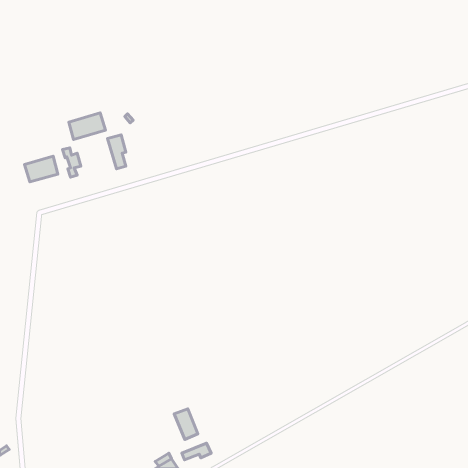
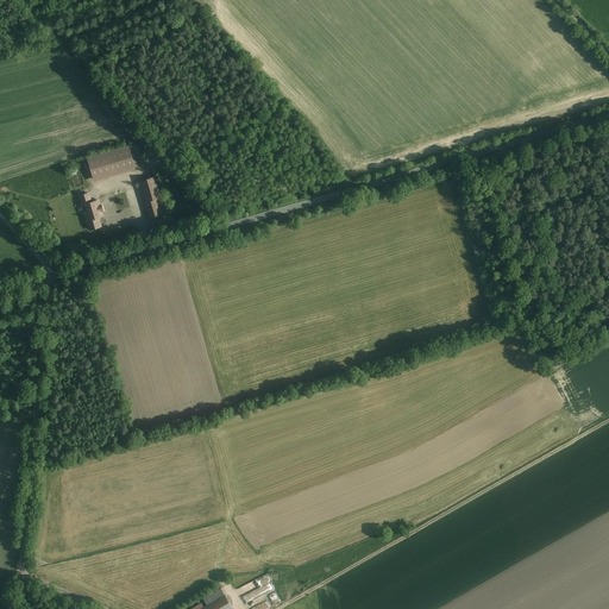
building: [24,156,58,182] -> none
building: [174,409,198,440] -> none

